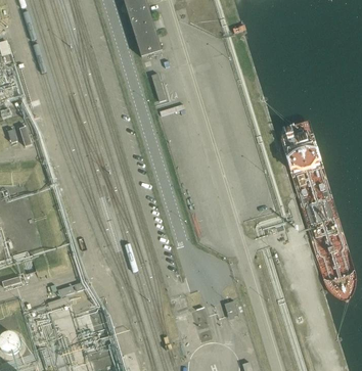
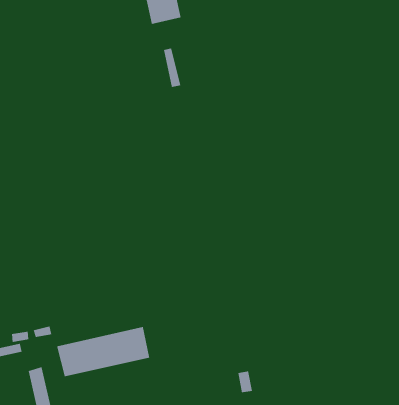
building: none -> [57,326,150,377]

